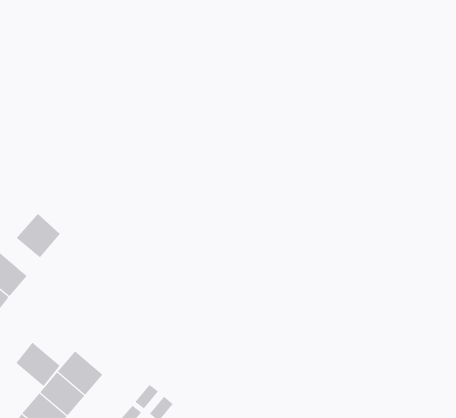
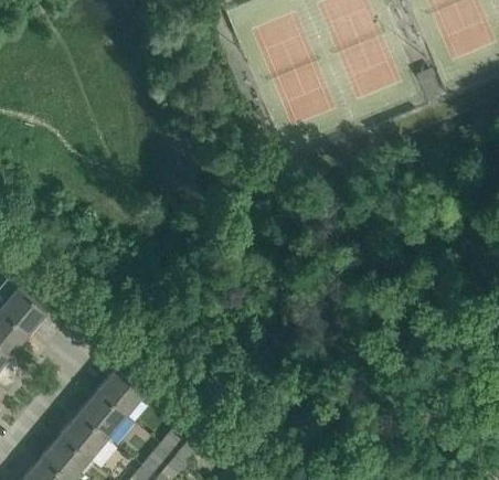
building: [16,213,60,258] -> none
building: [15,342,61,387] -> [94,373,141,420]

